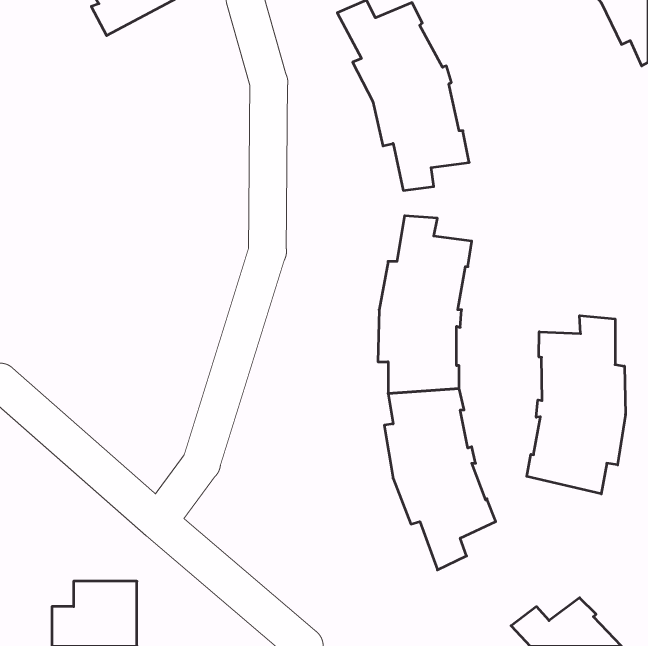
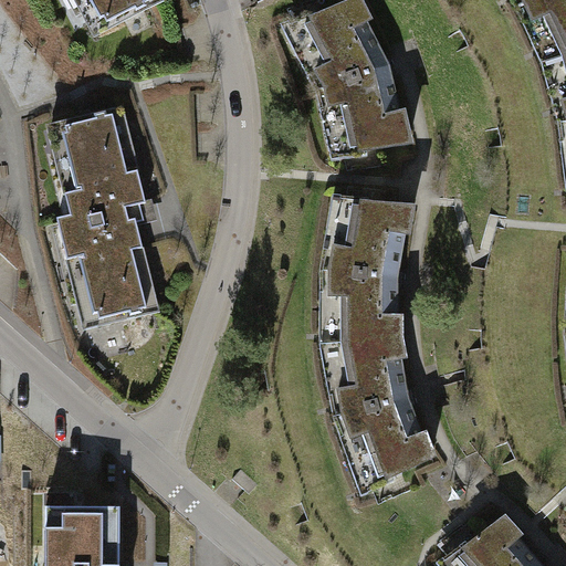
building: none -> [50,113,157,323]
building: [527,316,625,494] -> none

